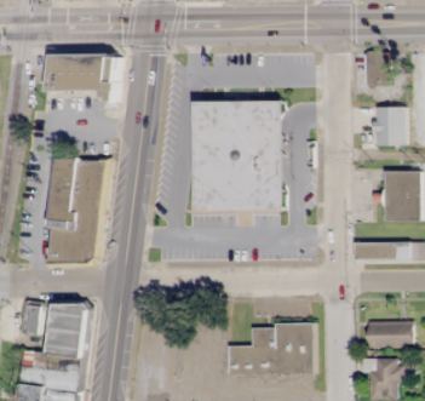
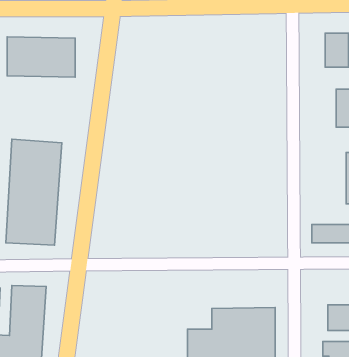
building: [196,107,281,214] -> none

